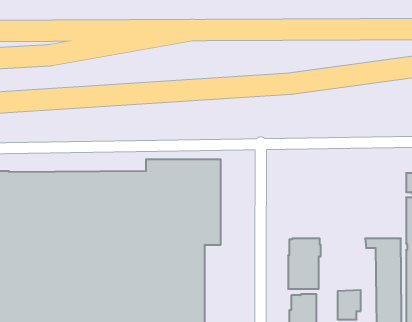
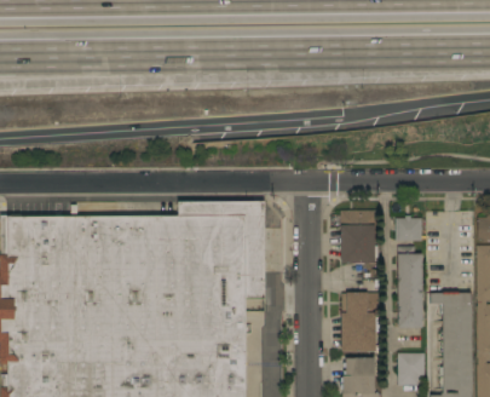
building: none -> [341,211,379,264]
building: none -> [397,215,422,241]
building: none -> [398,247,423,328]

